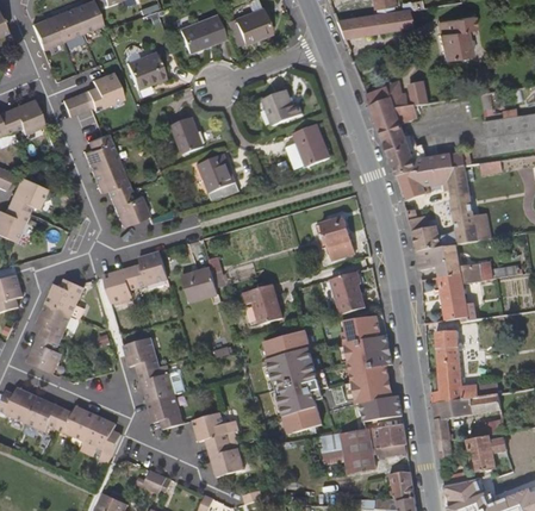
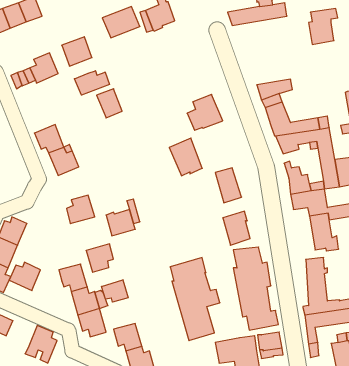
building: [366,81,428,112] -> none
building: [261,89,303,126] -> none
building: none -> [74,71,110,95]
building: [83,133,118,173] -> none
building: [197,152,238,200] -> [169,138,202,176]
building: [102,268,137,304] -> [86,244,113,272]
building: [243,283,282,325] -> none
building: none -> [102,280,128,302]
building: [56,406,95,442] -> [9,262,40,291]

